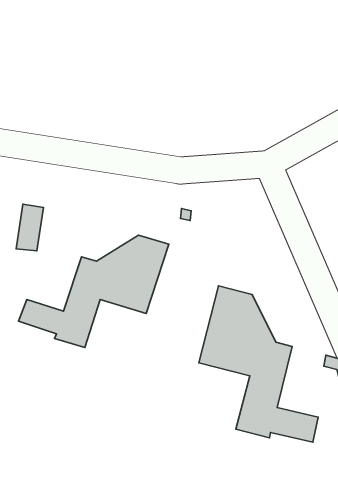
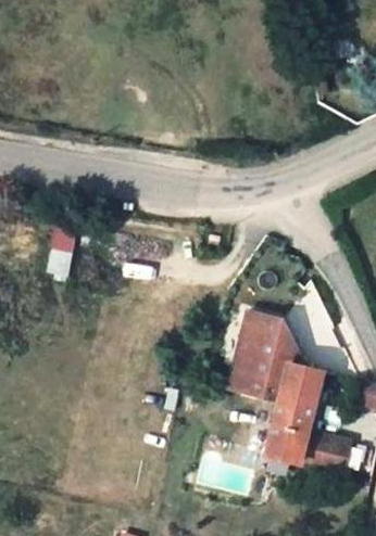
building: [19,235,169,348] -> none

